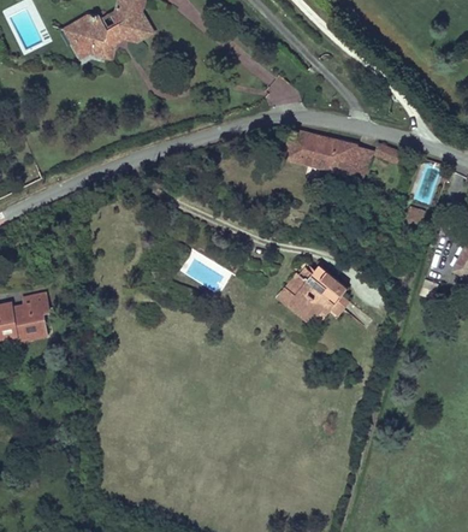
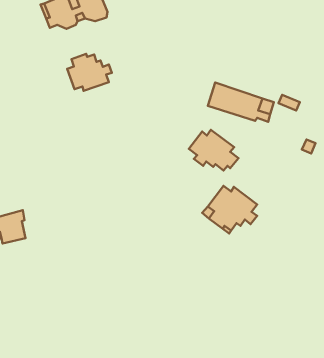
building: none -> [67,54,112,91]
building: none -> [189,130,238,171]

